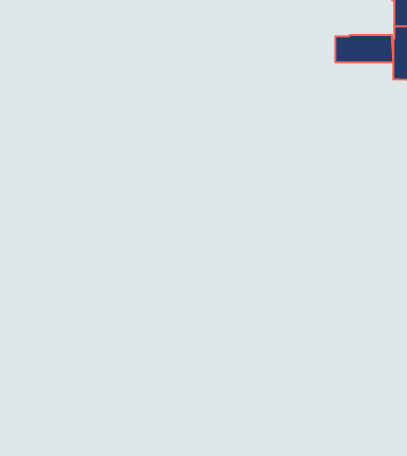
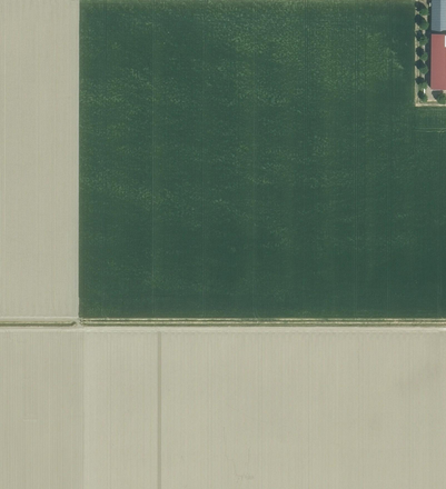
building: [336,35,393,62] -> none

